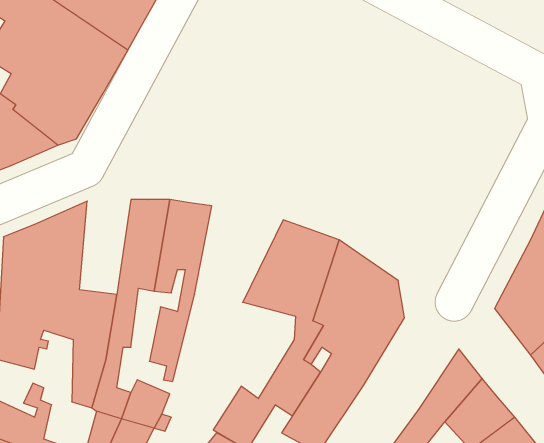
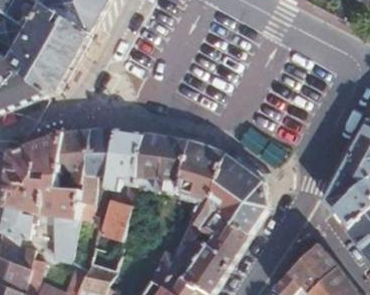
building: none -> [56,130,89,192]
building: none -> [130,134,188,197]

